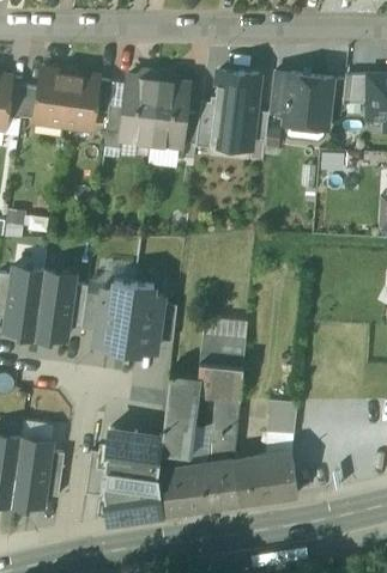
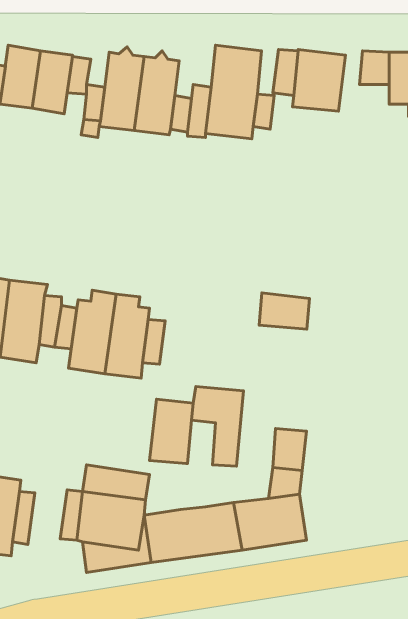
building: [202,335,246,366] -> [259,293,310,329]
building: [158,426,194,473] -> none
building: [211,429,237,465] -> none

